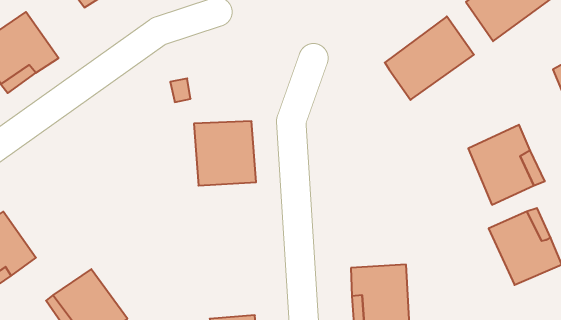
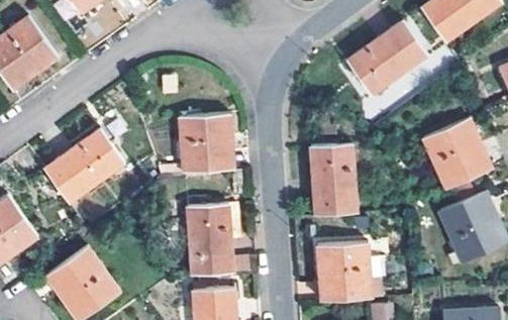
building: none -> [44,128,124,202]
building: none -> [313,142,358,214]
building: none -> [186,204,232,275]

